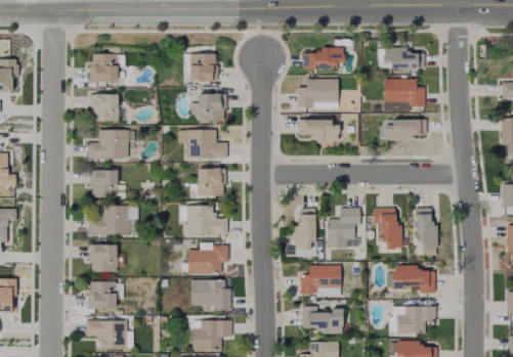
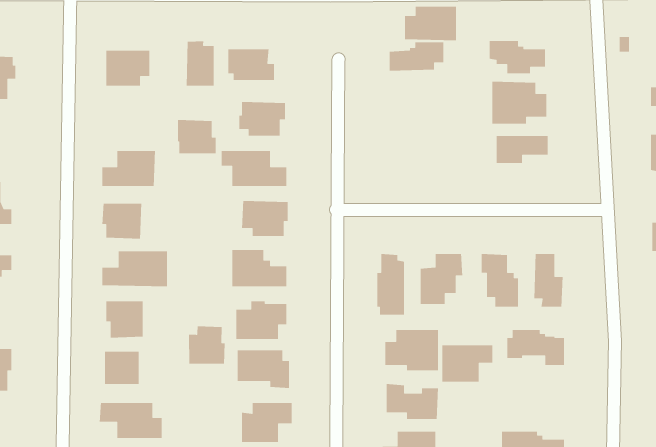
building: none -> [186,40,215,86]
building: [298,80,338,106] -> [404,6,457,41]
building: [89,94,119,121] -> [177,119,216,154]
building: [297,119,338,140] -> none
building: none -> [188,326,225,364]
building: [396,306,435,334] -> [442,344,493,382]

